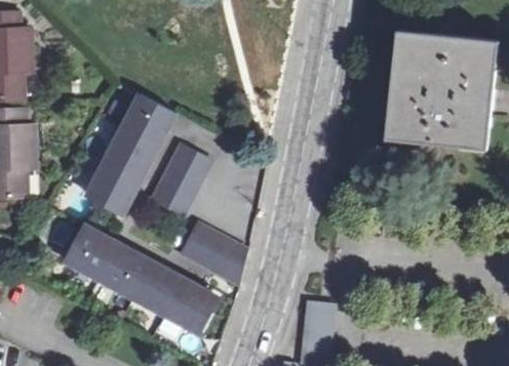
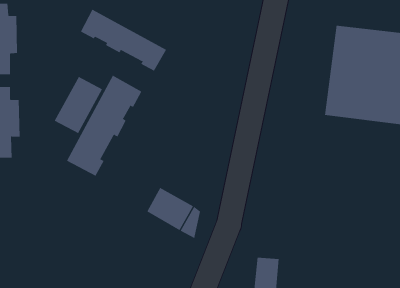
building: none -> [80,9,167,72]
building: [152,146,209,213] -> [54,76,103,134]
building: [63,223,214,332] -> none

